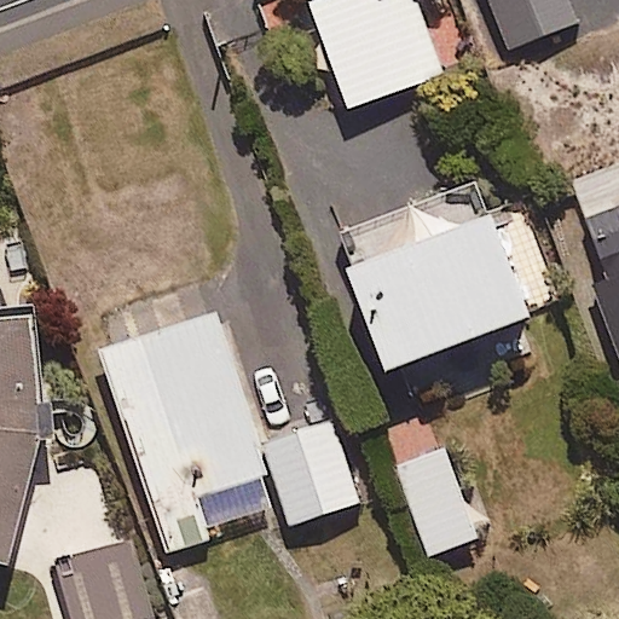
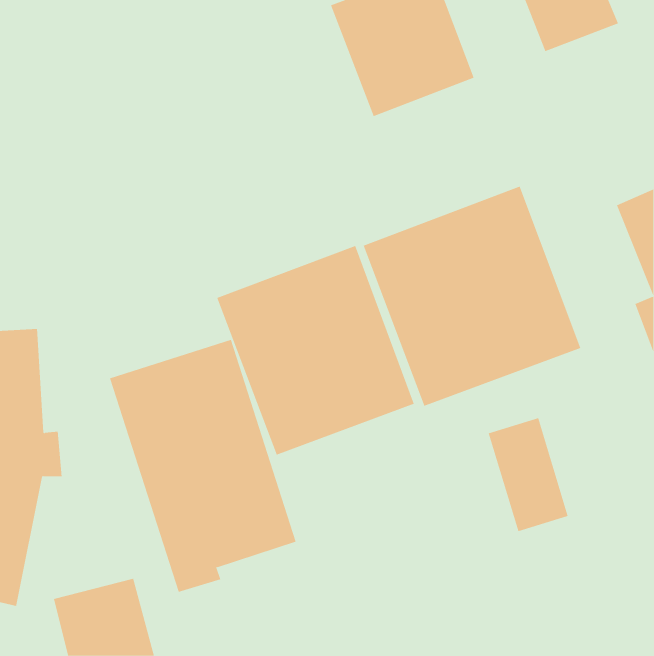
building: none -> [216,245,415,455]
building: [262,421,357,523] -> none
building: [399,447,474,554] -> [488,417,569,532]

